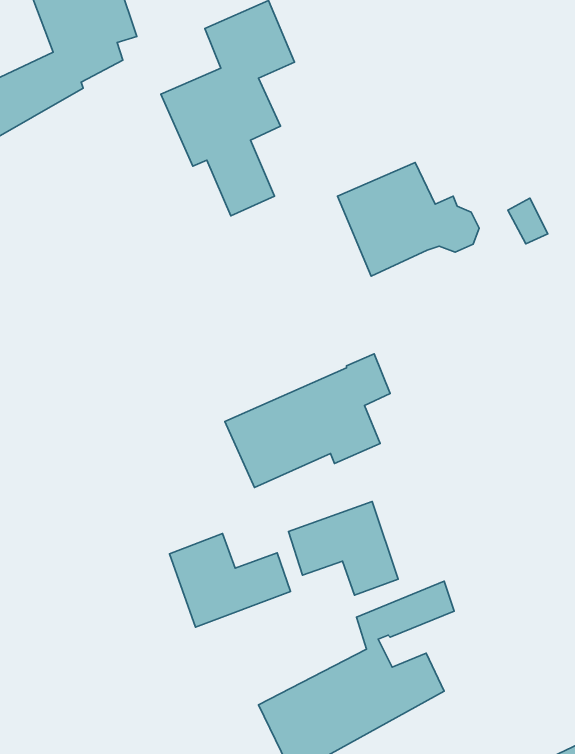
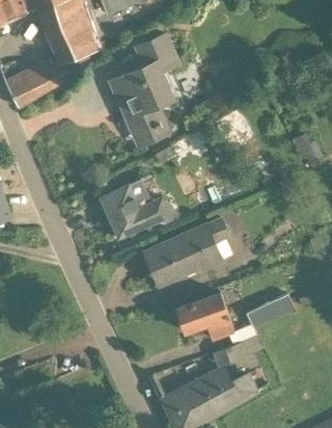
building: [337,162,479,276] -> [101,179,174,238]
building: none -> [246,295,295,329]
building: [169,533,291,627] -> none

